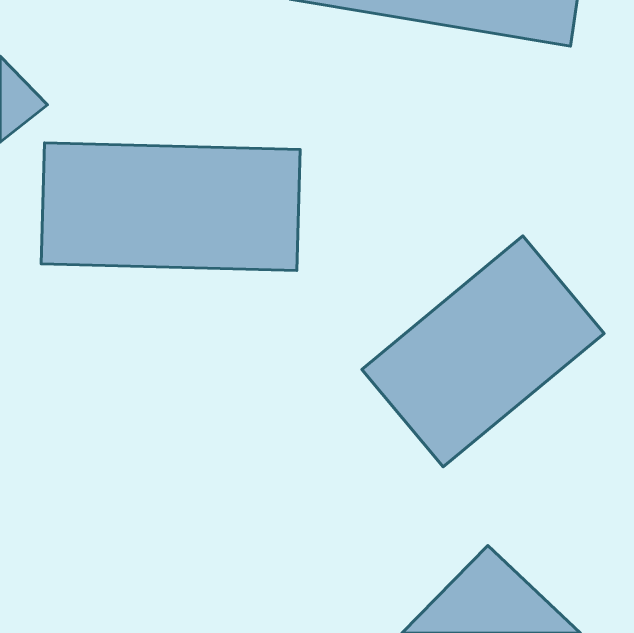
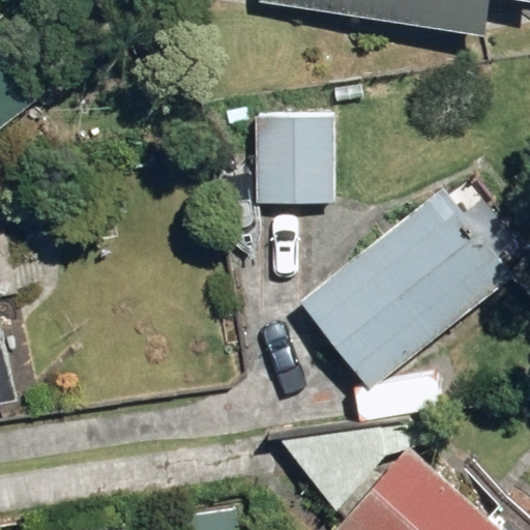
building: [41,143,300,271] -> none
building: none -> [258,119,334,201]

